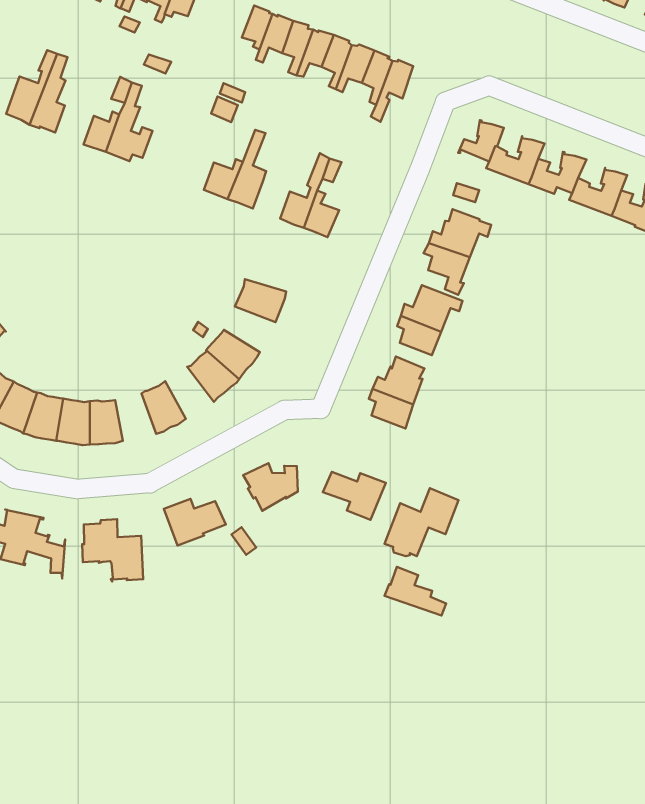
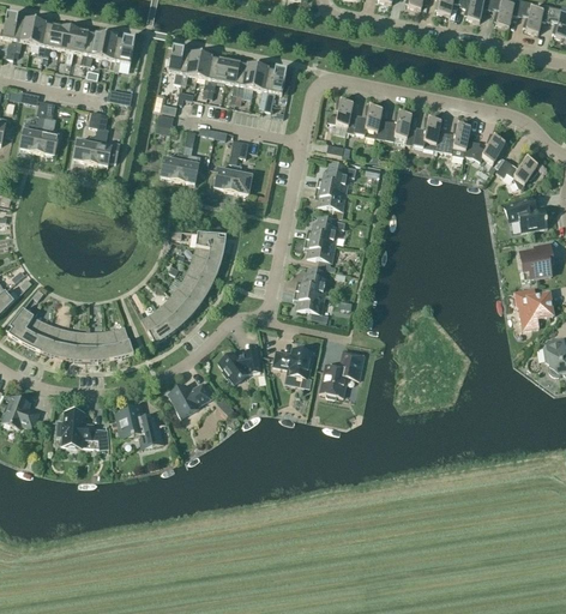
building: none -> [188,249,222,277]
building: none -> [155,295,189,330]
building: [385,567,446,615] -> none

